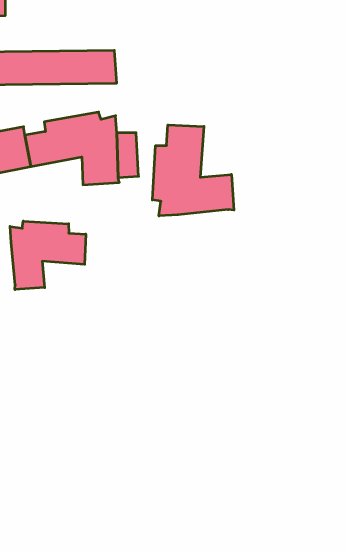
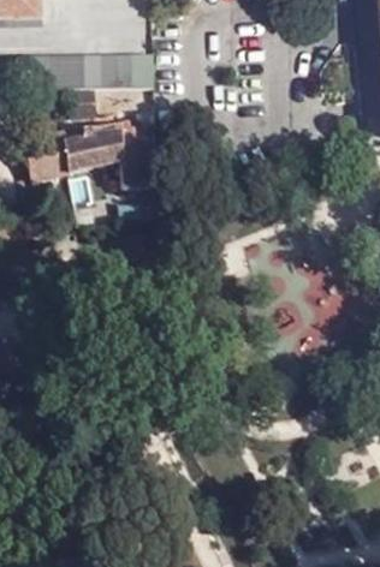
building: [152,125,234,216] -> none
building: [10,221,86,290] -> none

